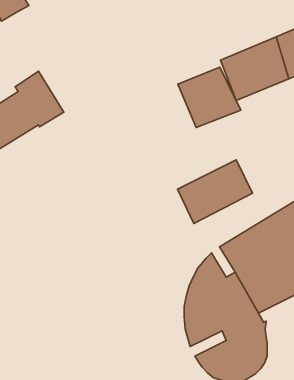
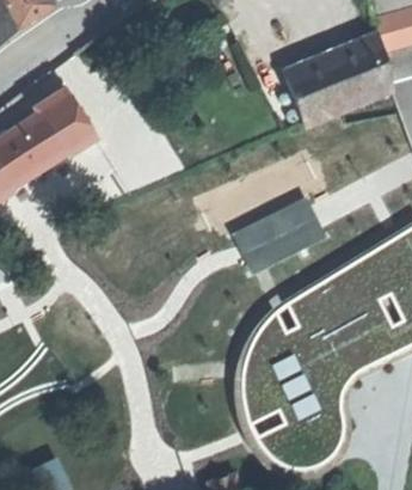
building: [178,67,241,128] -> none

